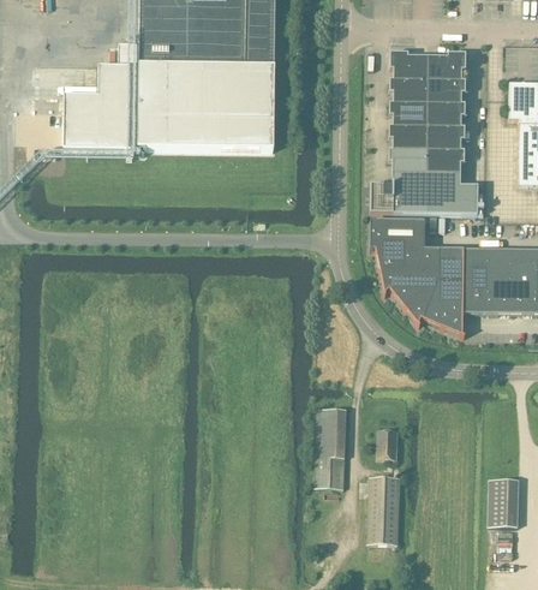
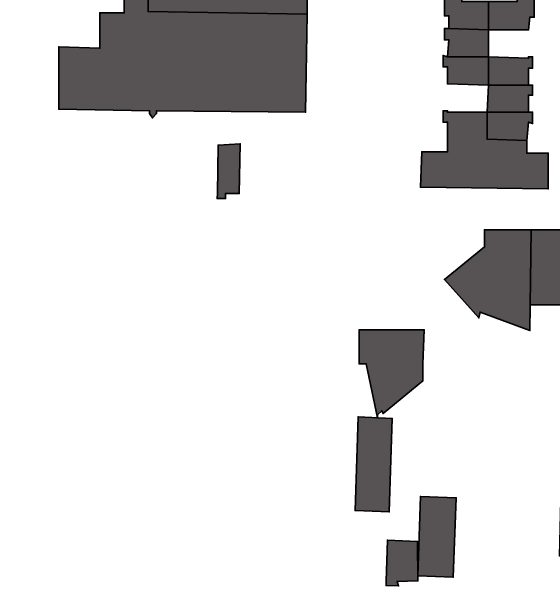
building: [428,79,465,103] -> none
building: [389,125,428,149] -> none
building: none -> [217,144,240,199]
building: [370,220,425,294] -> [359,330,424,418]
building: [377,429,397,458] -> none
building: none -> [386,540,418,586]

